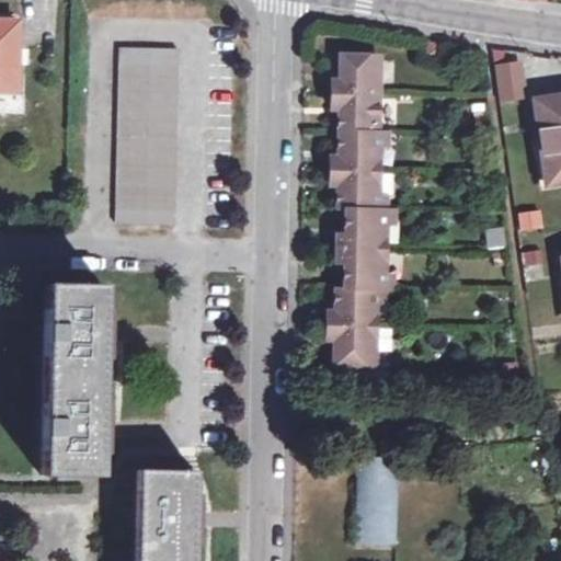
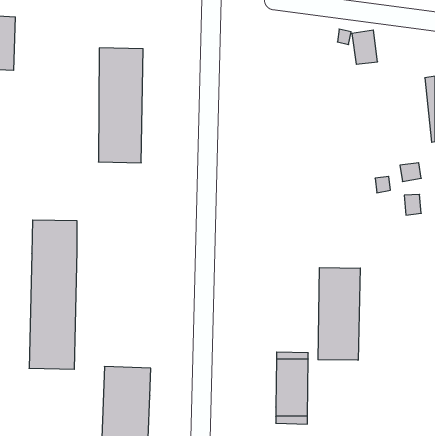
building: [331,54,390,360] -> none
building: [488,59,520,103] -> [352,30,378,64]
building: none -> [318,268,360,360]

